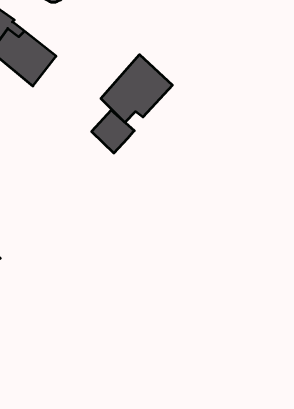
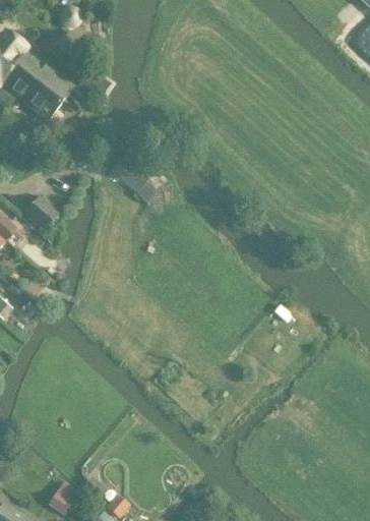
building: [101,55,172,122] -> none
building: none -> [23,194,60,232]

